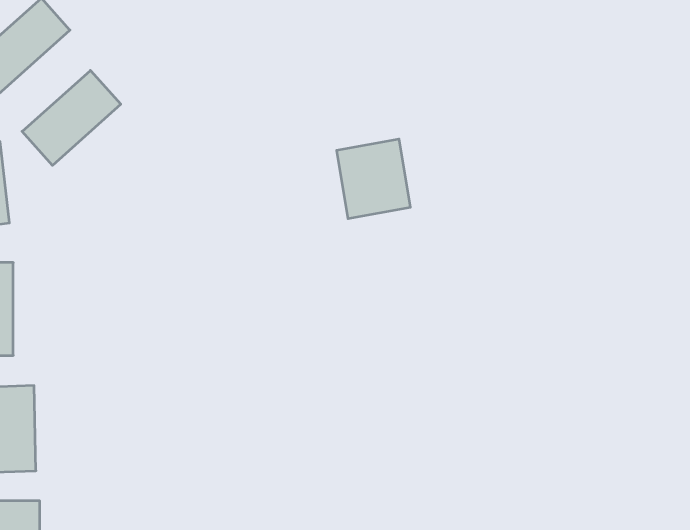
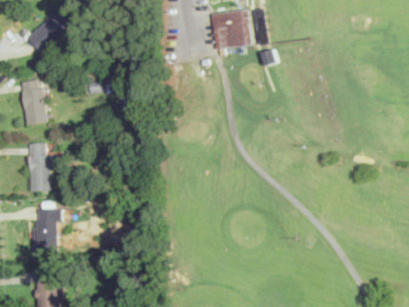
building: [22,70,121,165] -> none
building: [337,139,410,219] -> [211,9,250,51]

